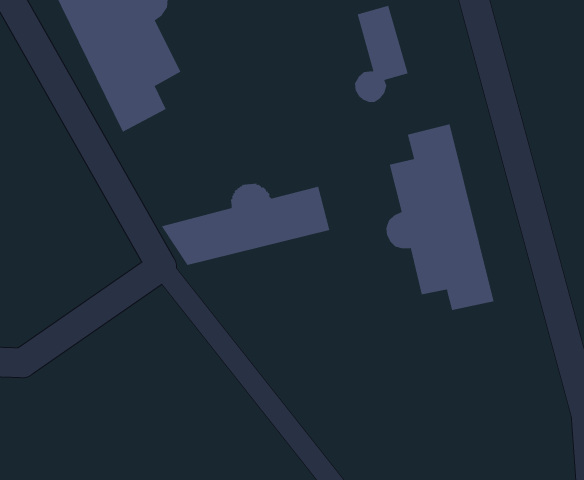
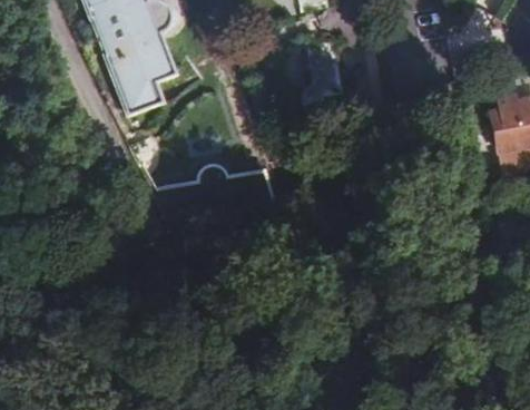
building: [386,123,494,311] -> none

